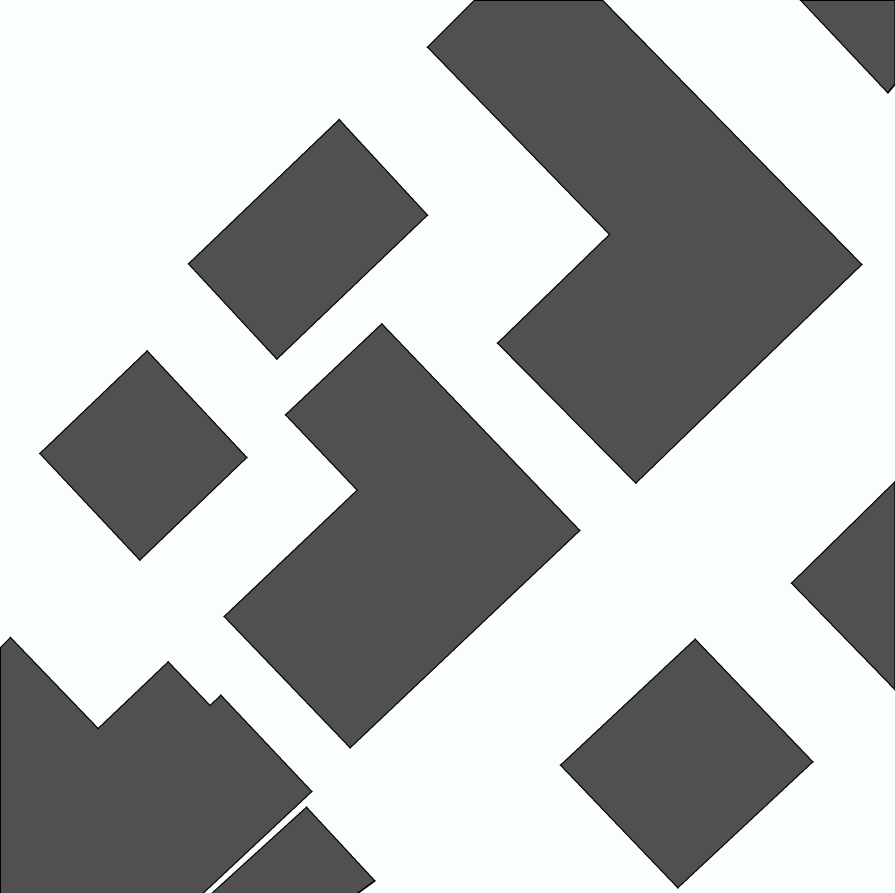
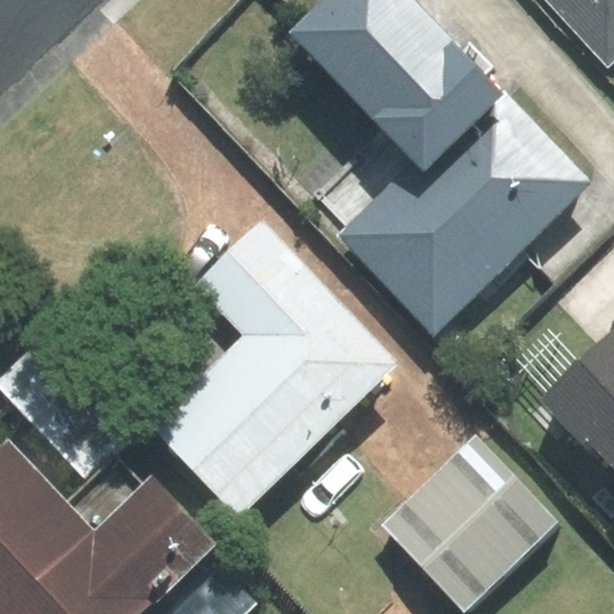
building: [188,120,427,359] -> none
building: [40,351,247,560] -> none

